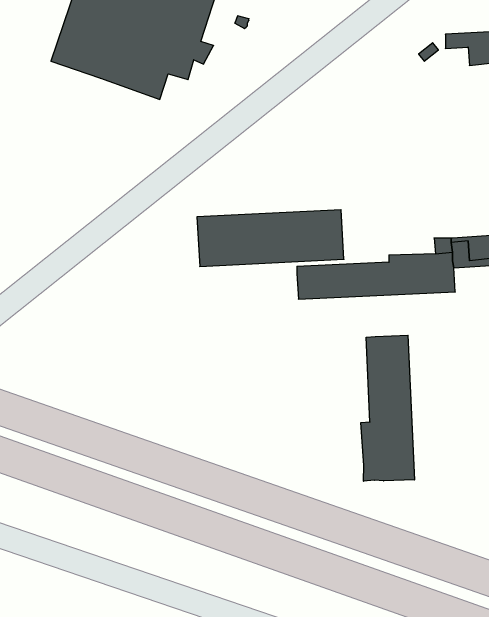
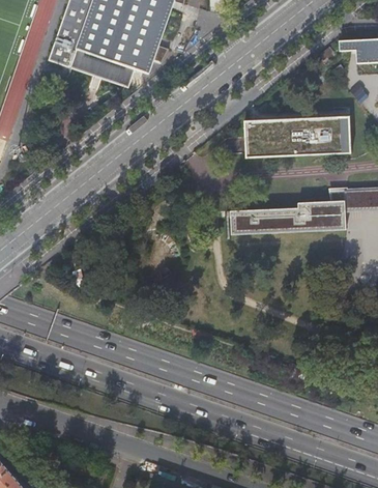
building: [197,210,344,266] -> [245,114,353,155]
building: [361,335,414,481] -> none

